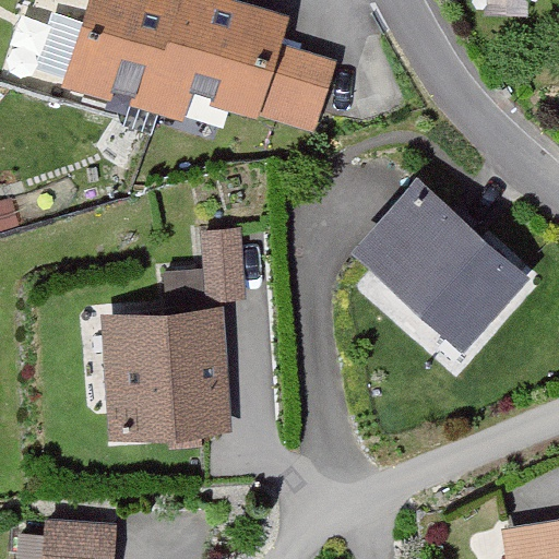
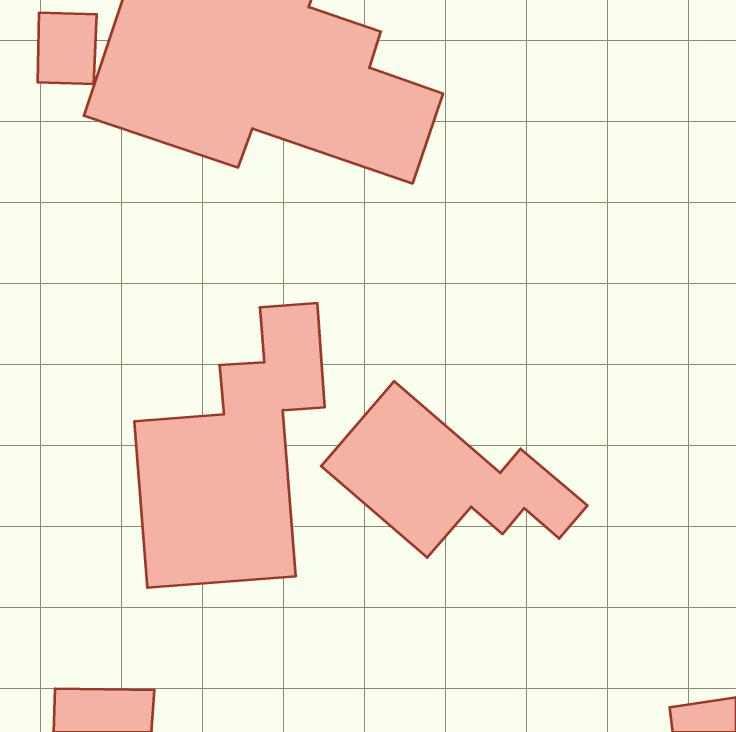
building: [350,176,532,352] -> none
building: none -> [321,381,587,558]

